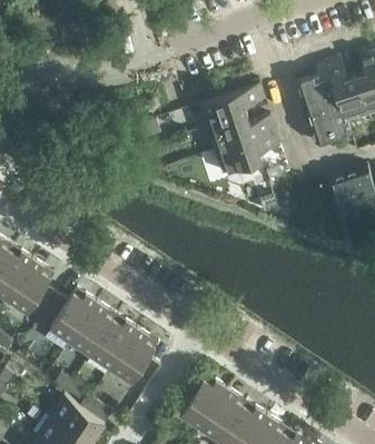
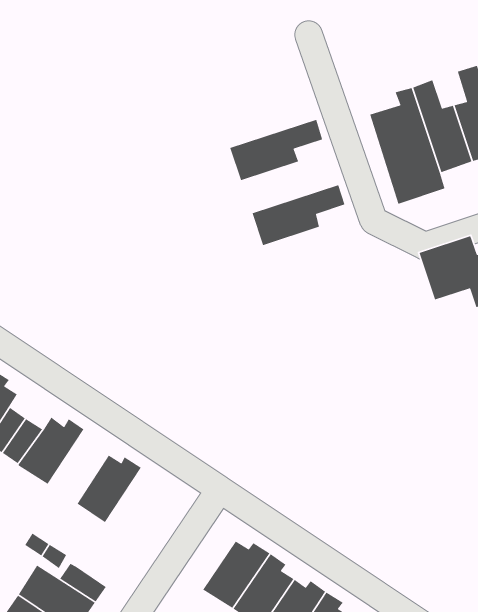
building: [206,116,275,151] -> none
building: [71,303,114,355] -> none
building: [111,329,155,383] -> none

